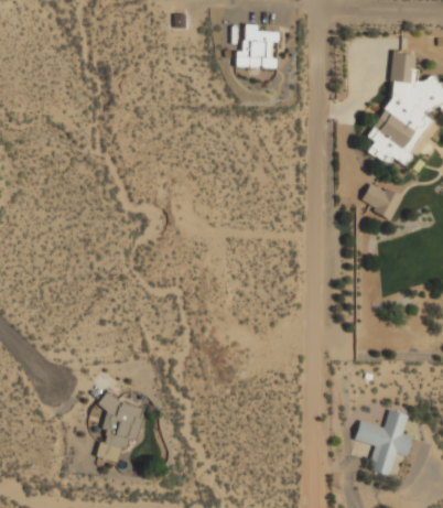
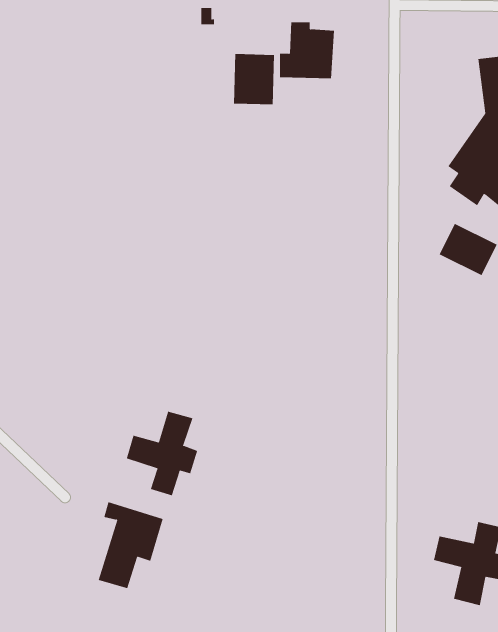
building: none -> [233,53,275,105]
building: none -> [126,411,198,496]

